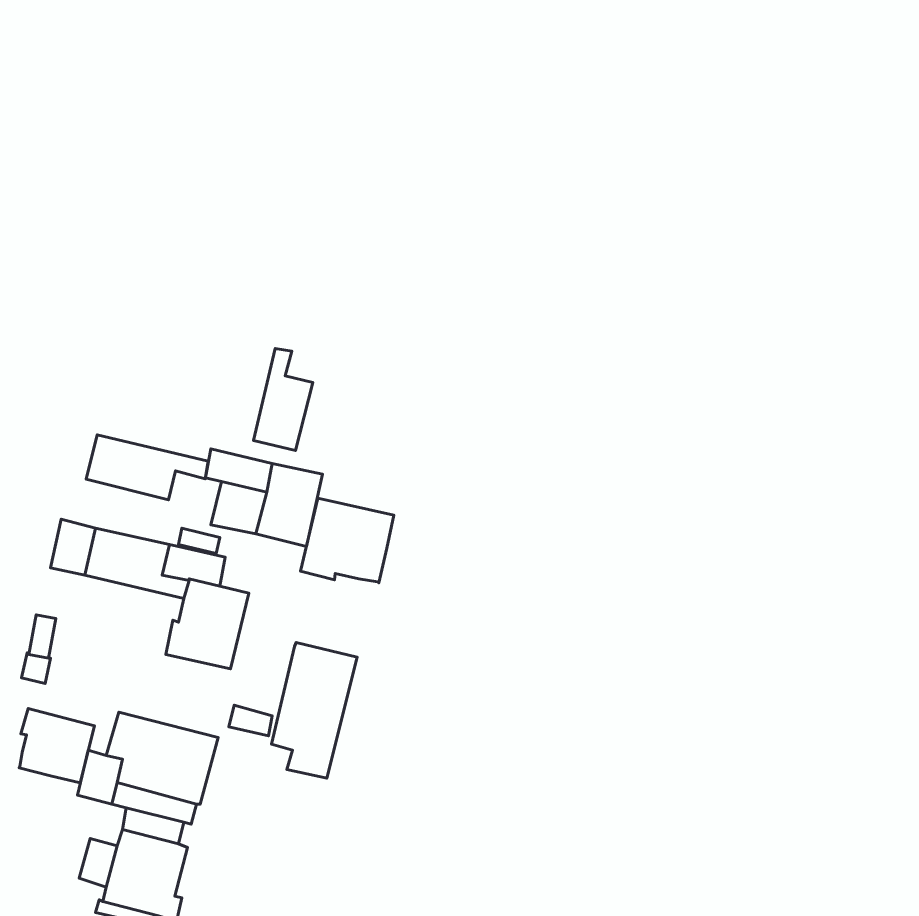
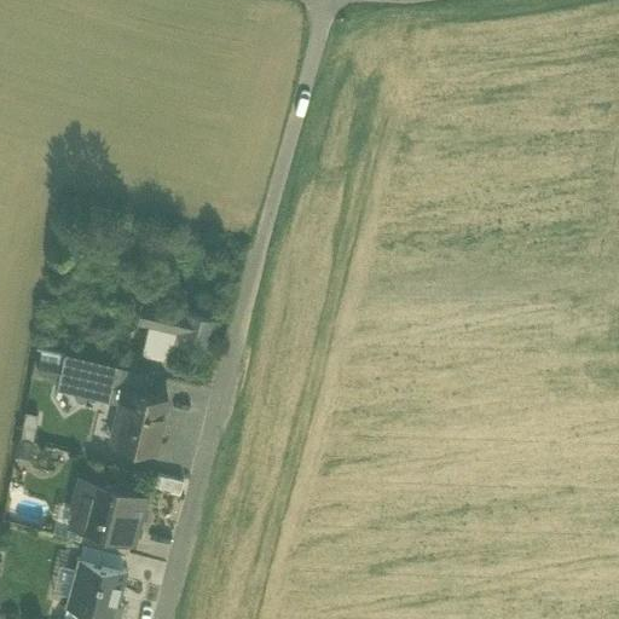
building: [253,348,313,451] -> none
building: [86,435,208,500] -> none
building: [300,498,394,583] -> none
building: [271,643,357,778] -> none
building: [19,709,94,783] -> none

